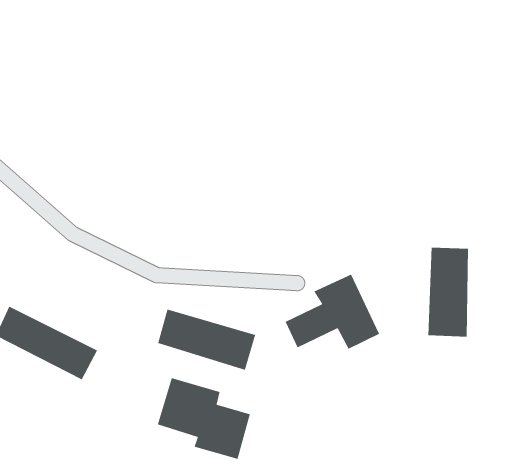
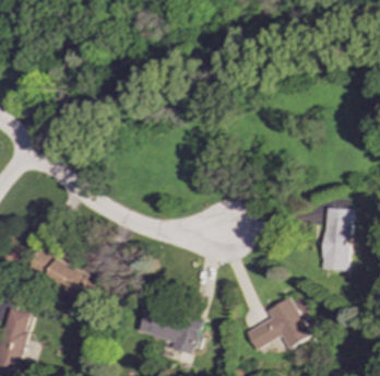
building: [285,274,380,350] -> [245,297,310,350]
building: [157,309,256,371] -> none

